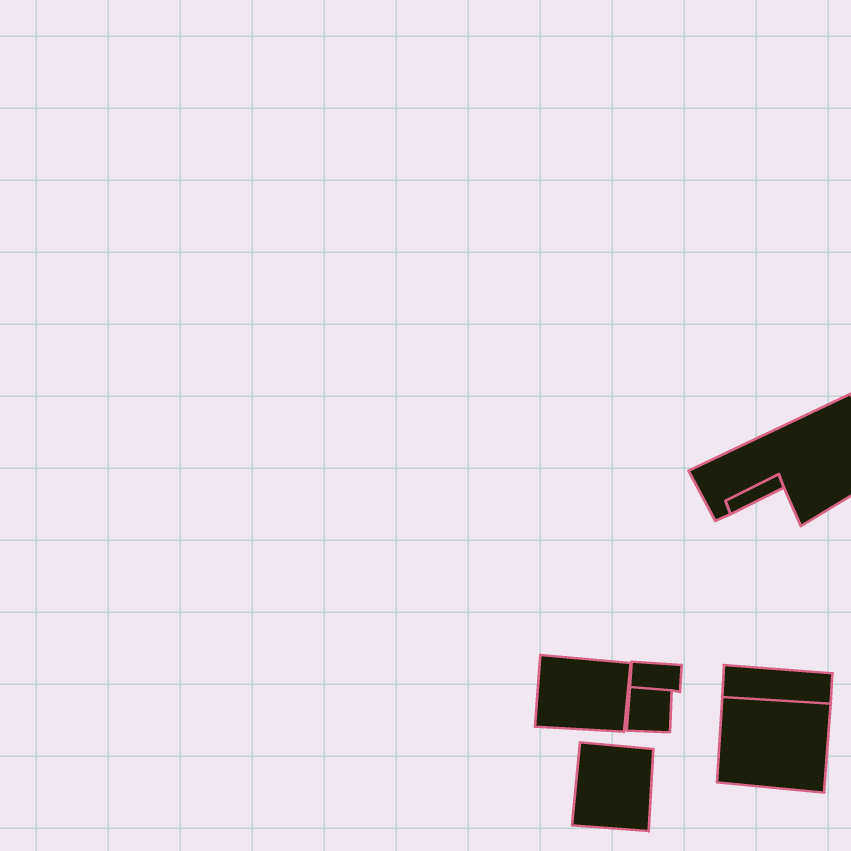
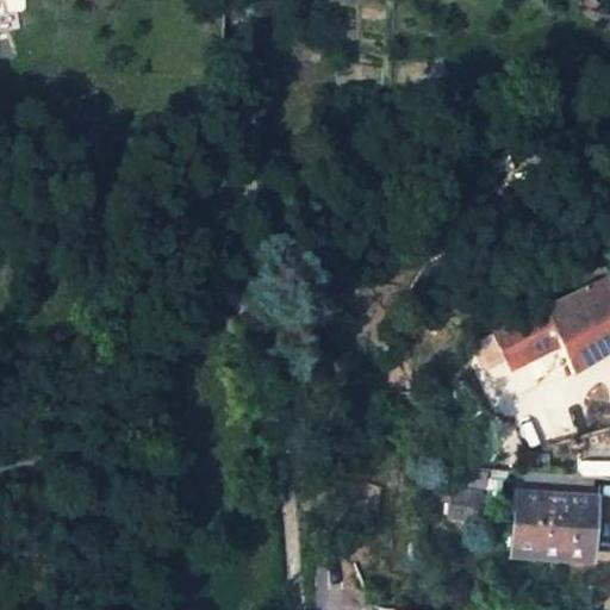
building: [535,655,630,732] -> none
building: [572,742,653,831] -> none

